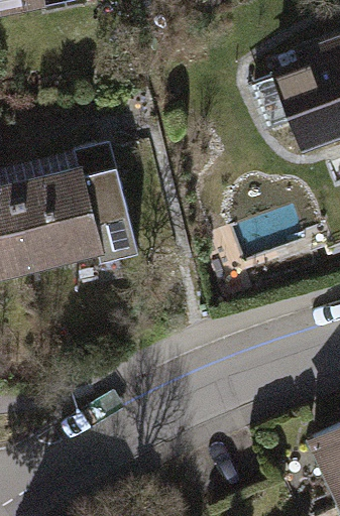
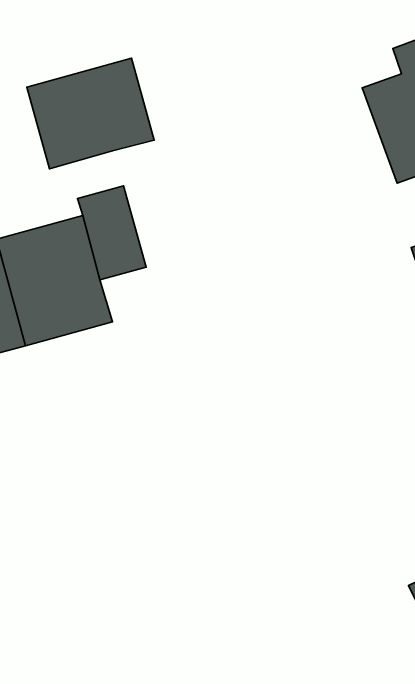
building: none -> [27,58,154,169]

